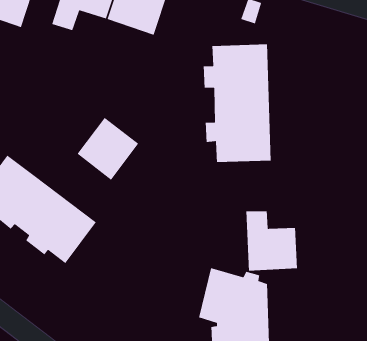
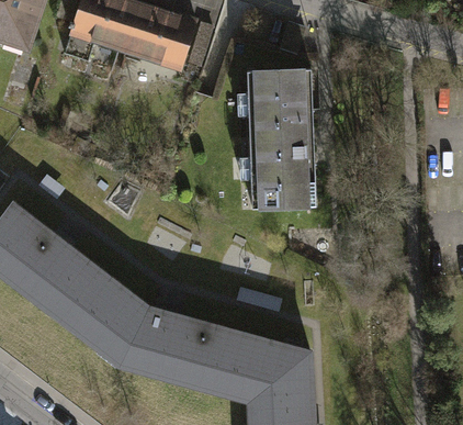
building: [76,117,139,181] -> none
building: [245,210,298,272] -> none
building: none -> [79,281,246,391]

